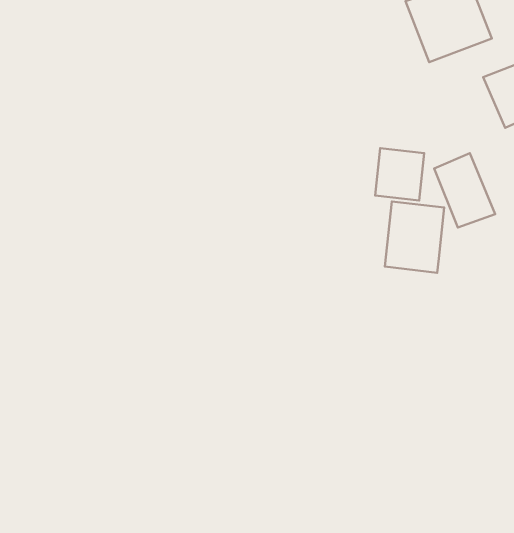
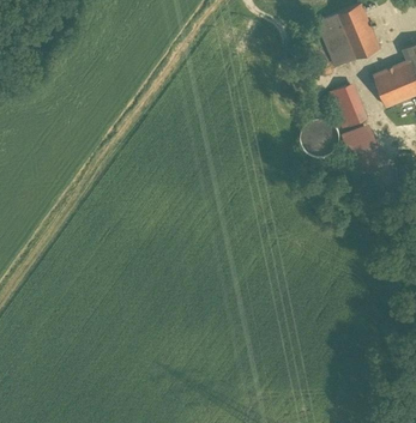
building: none -> [330,80,369,125]
building: [385,201,444,273] -> none

